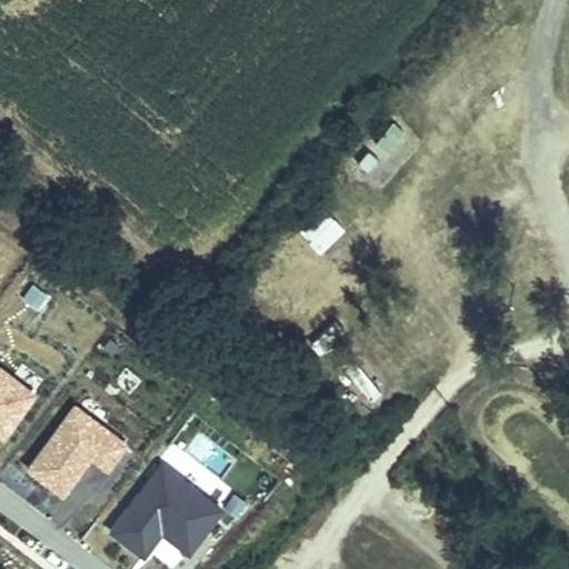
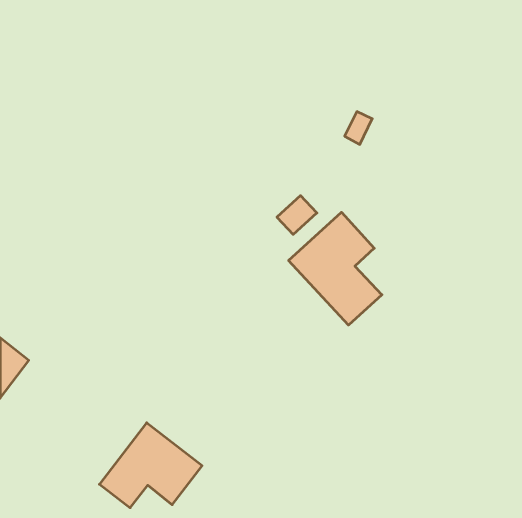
building: none -> [289,212,382,325]
building: [28,407,126,495] -> none

